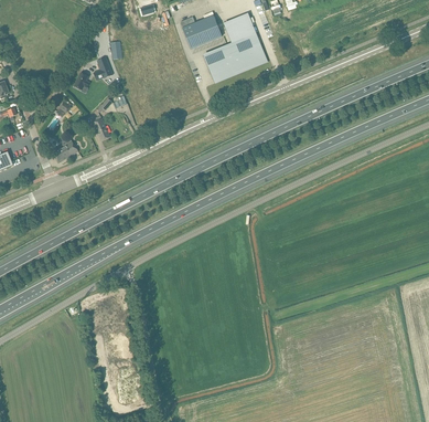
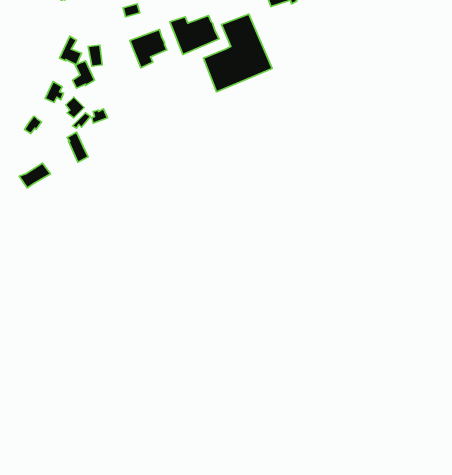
building: none -> [130,30,167,68]

